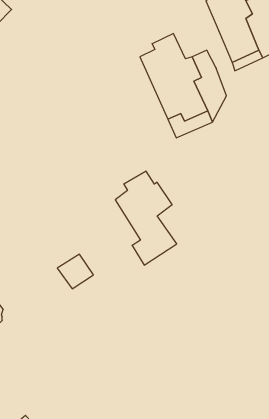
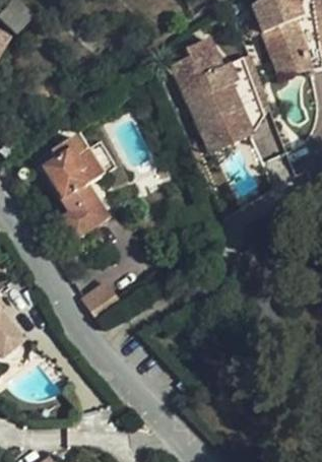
building: [115,171,177,265] -> [41,134,108,237]

